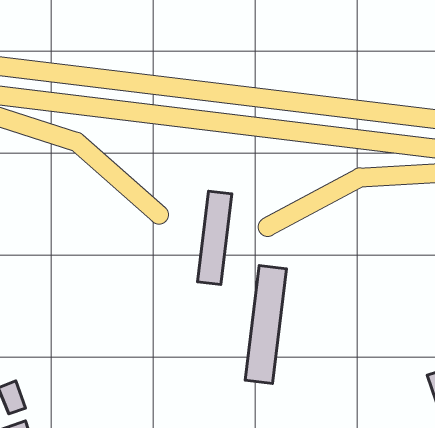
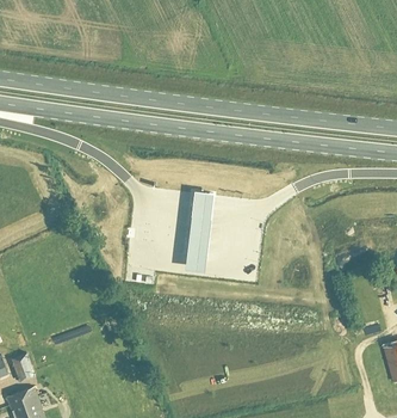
building: [245,265,287,384] -> none

